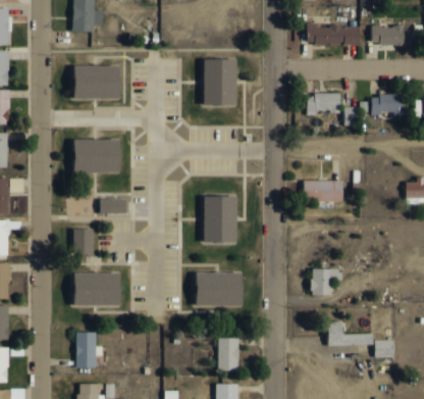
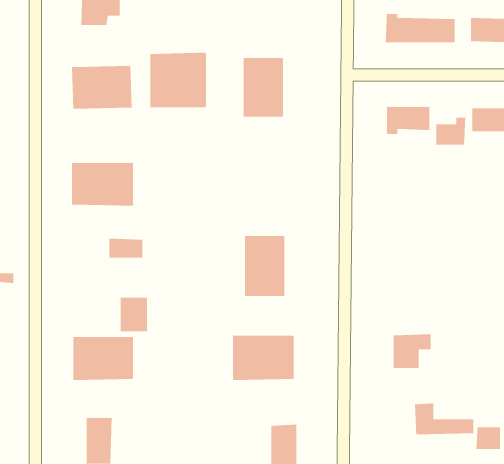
building: none -> [150,52,206,108]
building: [305,181,343,202] -> none
building: [65,228,87,254] -> [120,297,148,332]

